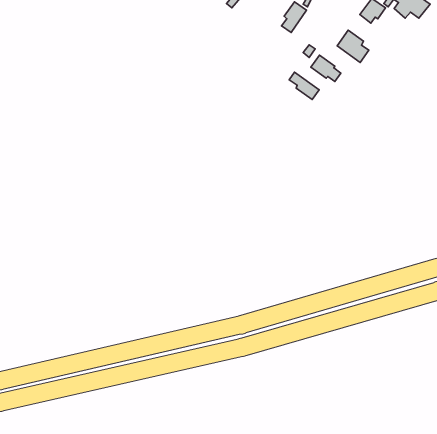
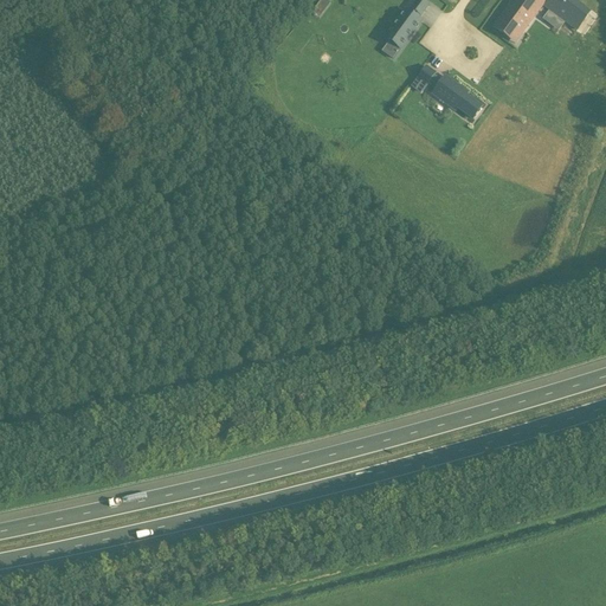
building: [337,30,369,63] -> none
building: [289,72,319,100] -> none

